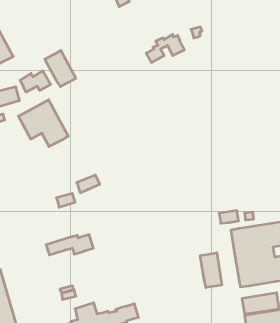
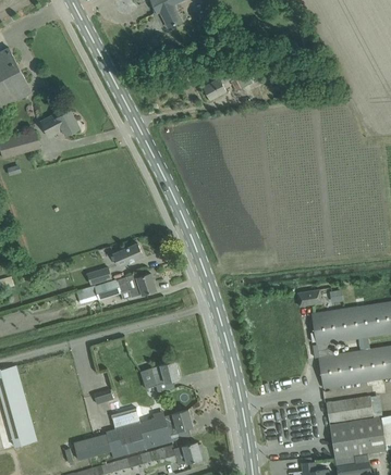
building: [45,50,76,87] -> none
building: [18,100,68,147] -> none
building: [46,235,93,255] -> [94,273,155,299]
building: [200,253,222,288] -> none
building: none -> [149,361,179,384]

